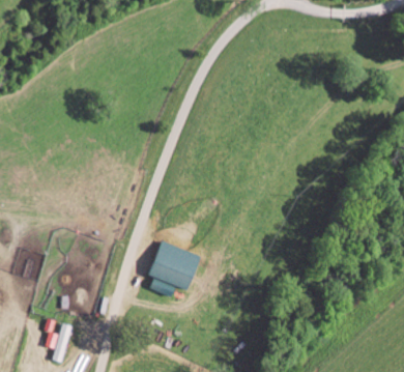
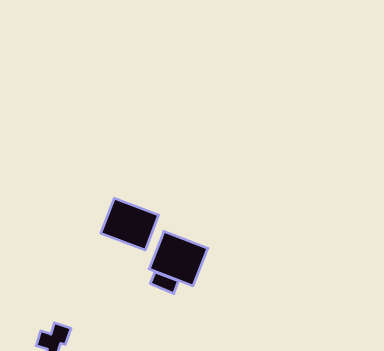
building: none -> [101,198,159,250]

